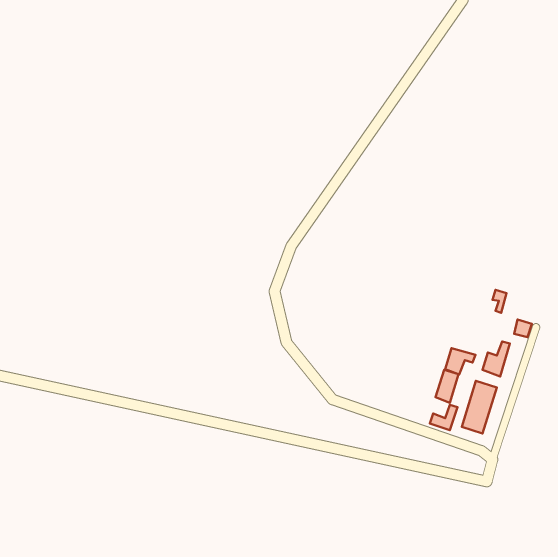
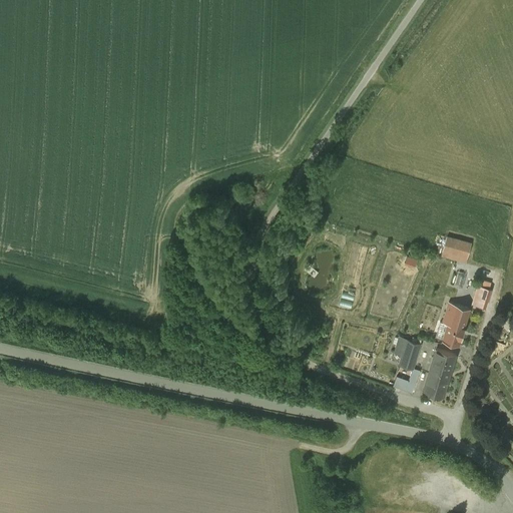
building: none -> [442,237,470,259]
building: [445,348,476,375] -> [442,304,470,328]

